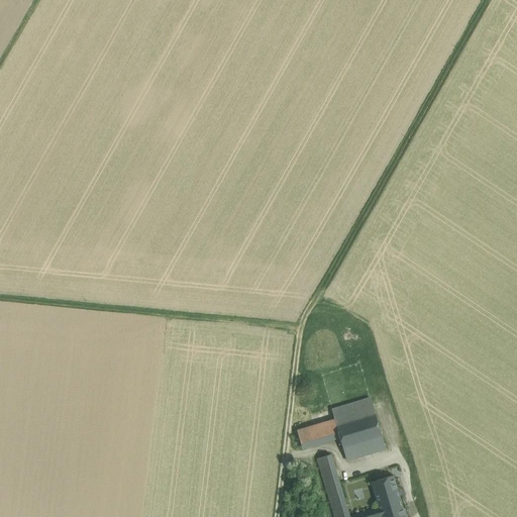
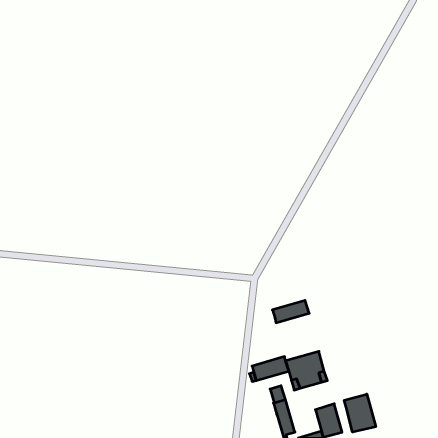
building: [332,399,376,425] -> [272,300,309,323]
building: none -> [344,394,376,432]

